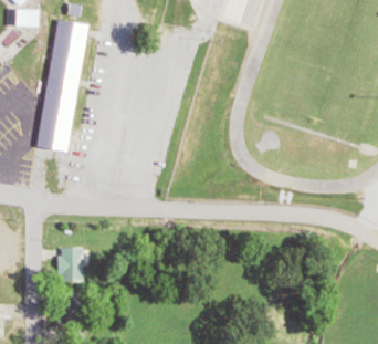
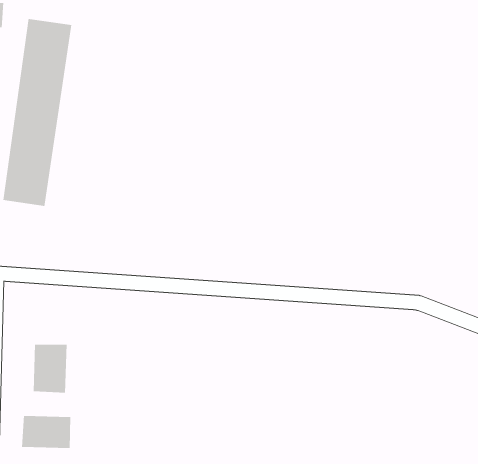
building: none -> [21,415,71,449]

